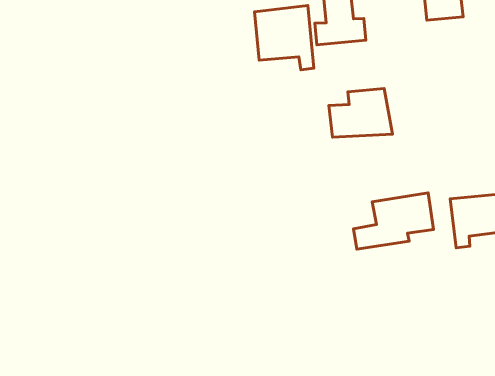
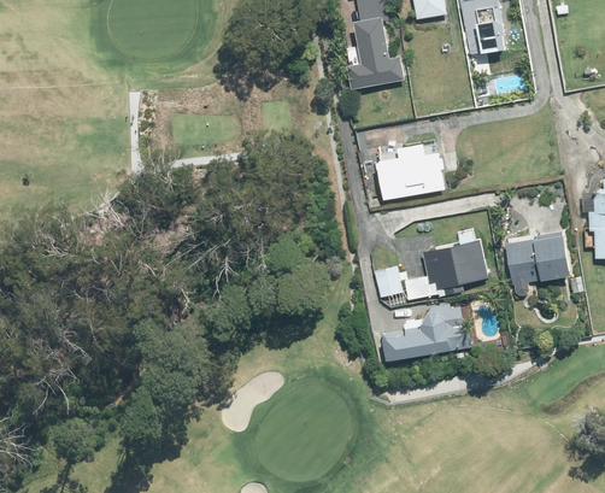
building: [255,5,314,70] -> none
building: none -> [375,268,404,299]
building: none -> [382,305,471,360]

